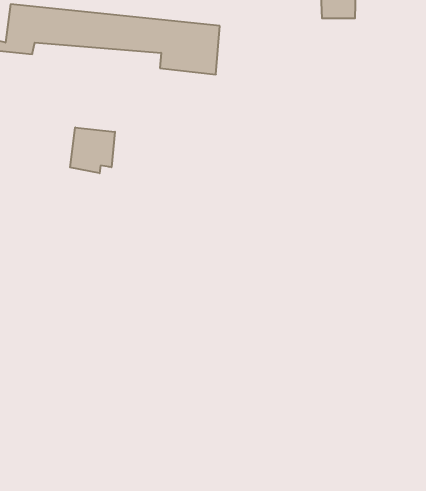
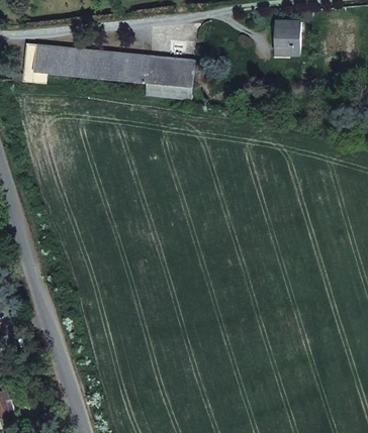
building: [70,127,115,173] -> none

